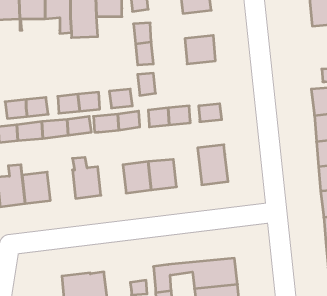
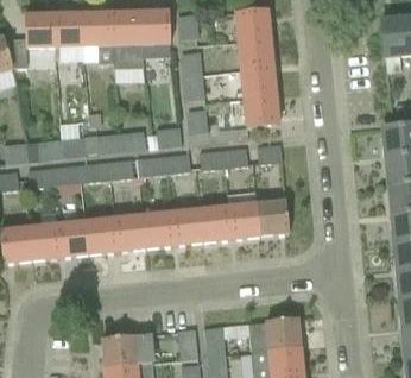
building: none -> [239,38,273,70]
building: none -> [244,95,279,127]
building: none -> [227,191,260,238]
building: none -> [143,213,175,247]
building: none -> [86,219,118,253]

